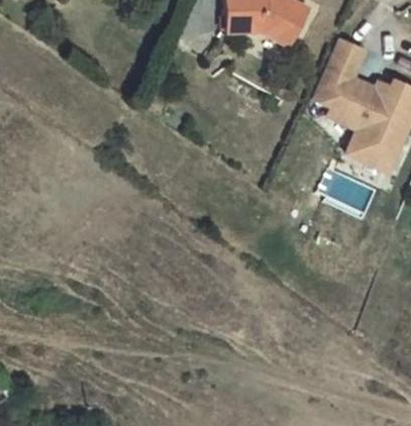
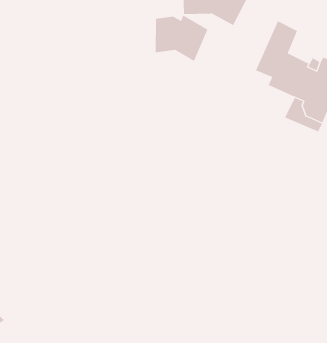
building: none -> [155,15,208,62]

